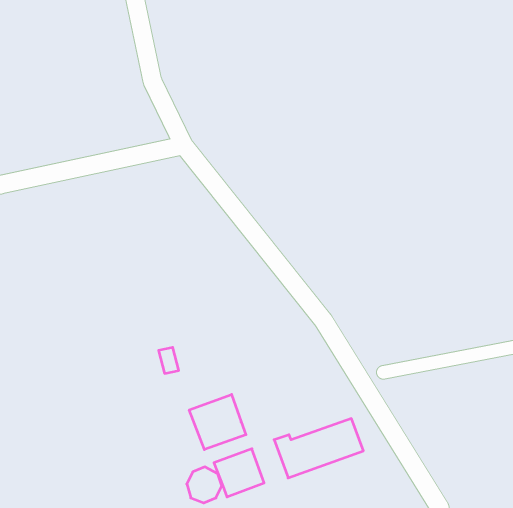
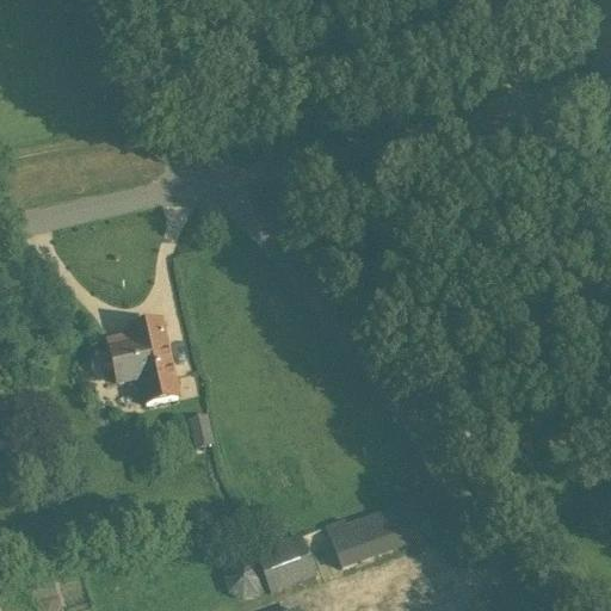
building: none -> [109,320,178,402]
building: [189,394,246,450] -> none

